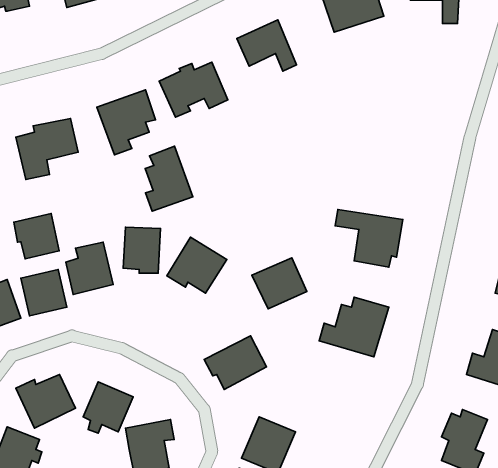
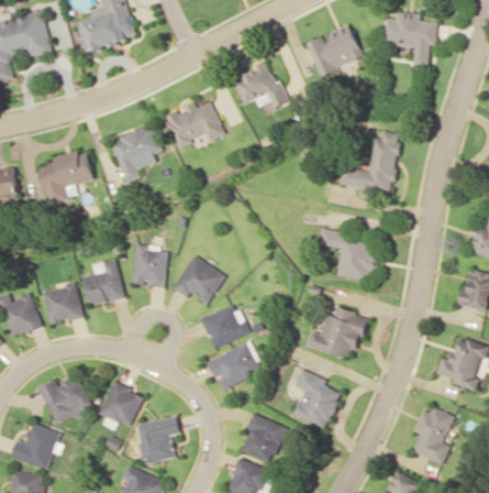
building: none -> [340,130,400,199]
building: [145,146,193,211] -> none
building: [14,214,59,259] -> none
building: [252,258,307,309] -> [198,303,246,348]
building: none -> [292,368,340,427]

